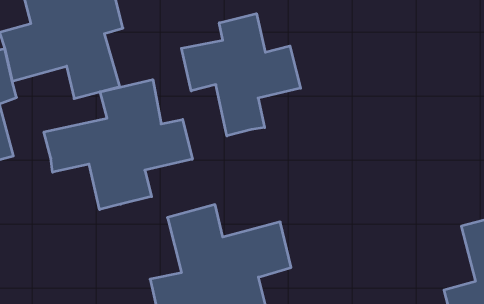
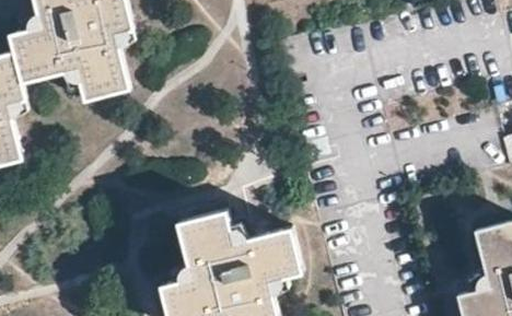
building: [181,14,301,136] -> none
building: [44,80,192,210] -> none

